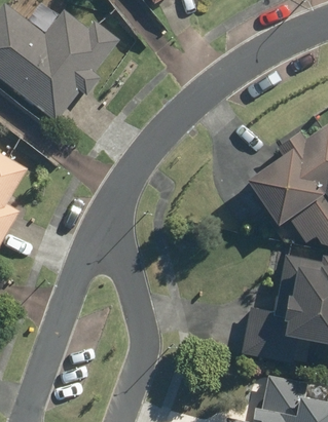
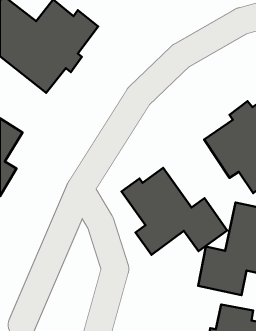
building: none -> [122,168,227,255]

